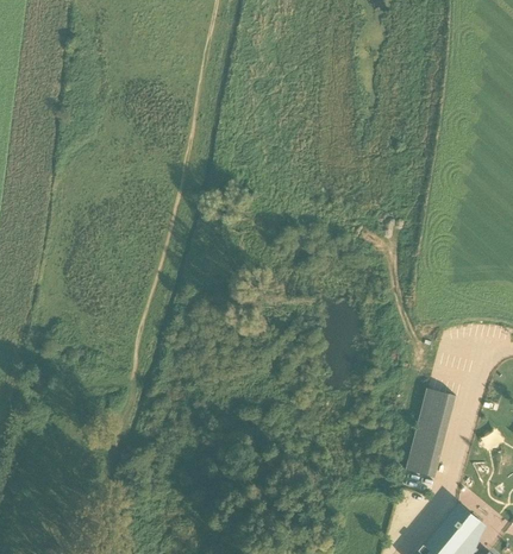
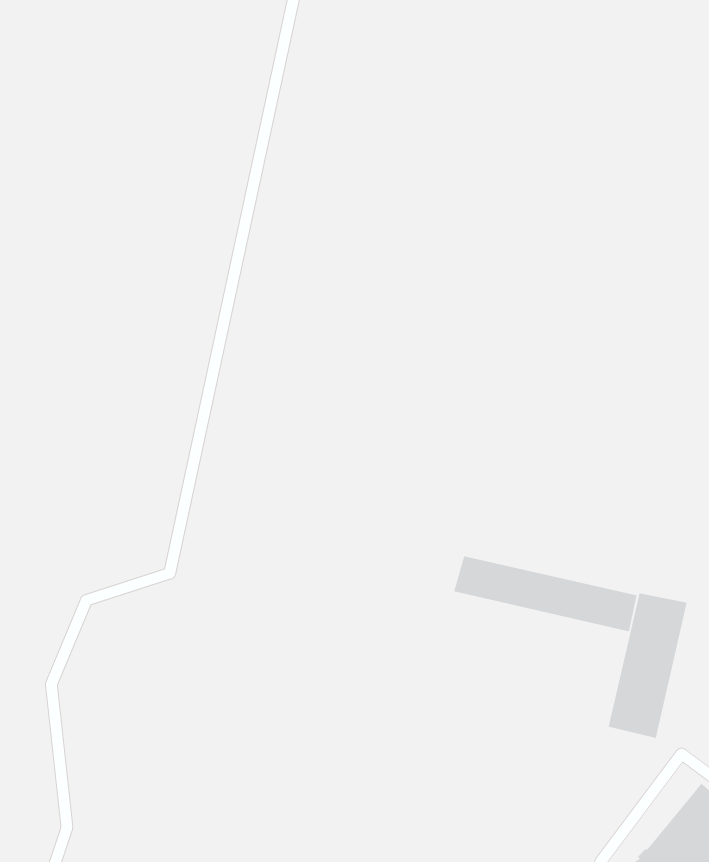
building: none -> [454,556,637,632]

